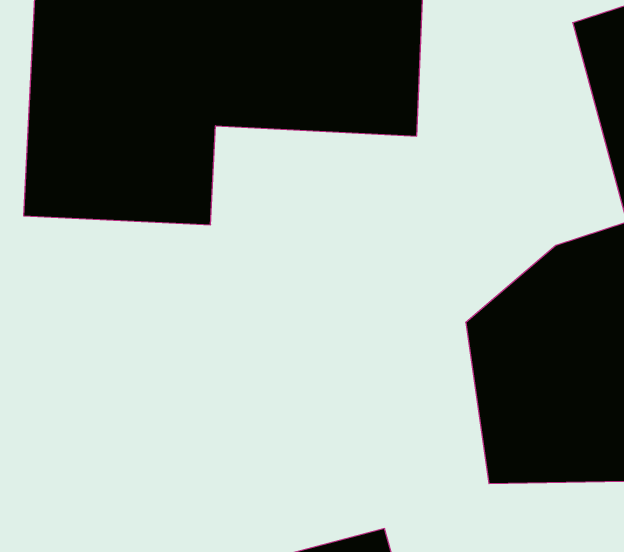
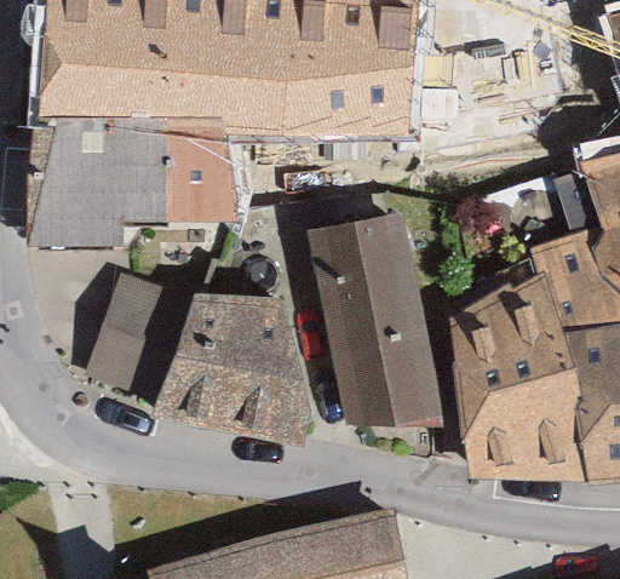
building: none -> [317,211,452,431]
building: none -> [84,280,309,435]

